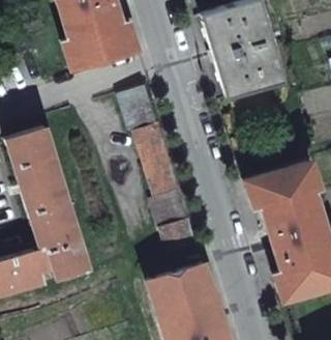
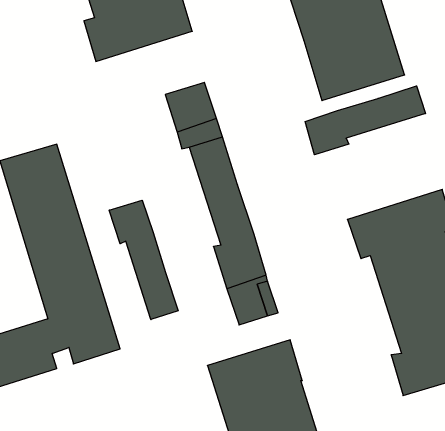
building: none -> [305,86,425,155]
building: none -> [109,200,178,320]

